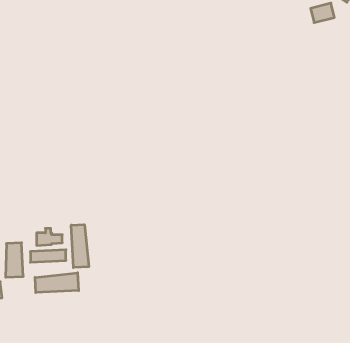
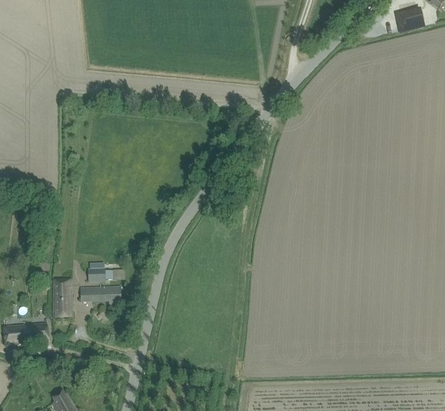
building: [71,225,89,268] -> none
building: [35,273,79,293] -> none

